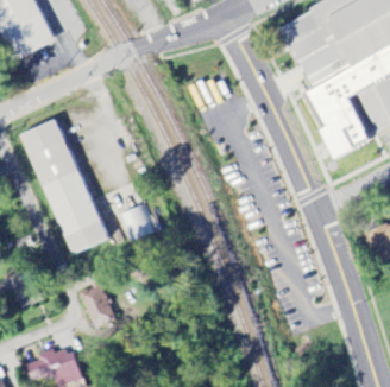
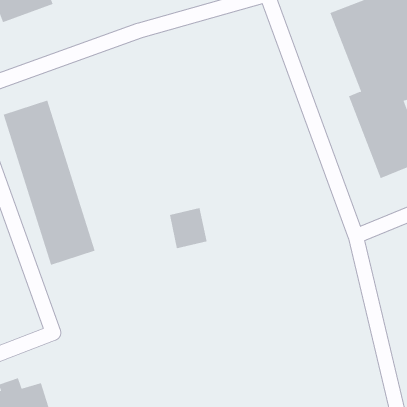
building: [121,204,155,240] -> [169,207,207,249]
building: [80,284,115,328] -> none

